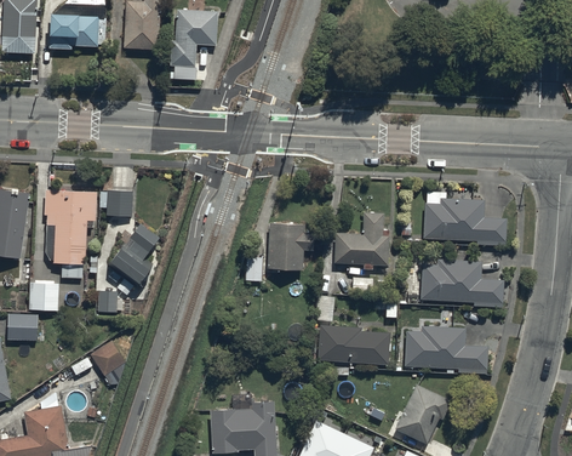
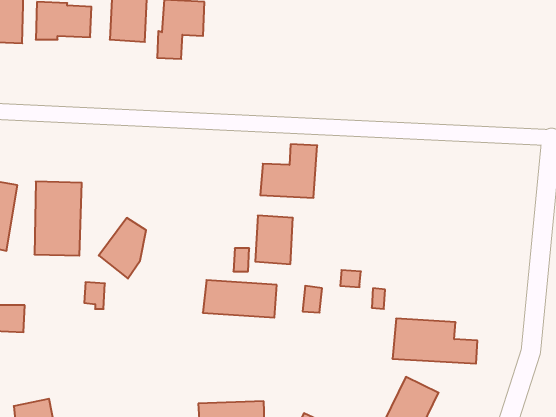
building: [98,189,131,215] -> none
building: [423,199,507,243] -> none
building: [333,213,390,267] -> [260,144,317,198]
building: [421,258,504,303] -> none
building: [28,281,58,310] -> none
building: [316,327,390,365] -> [203,280,277,318]
building: [88,340,124,383] -> none

